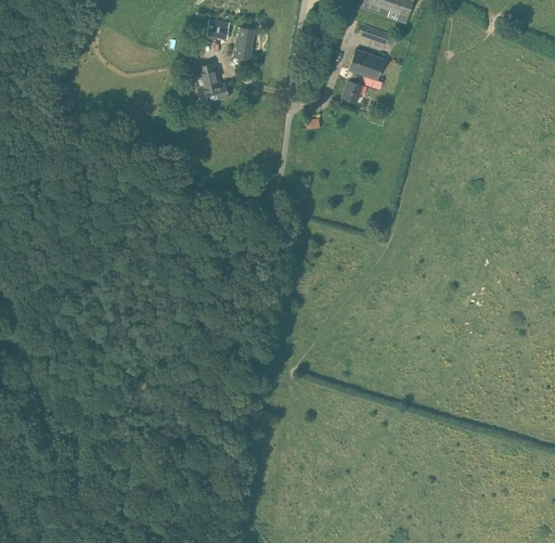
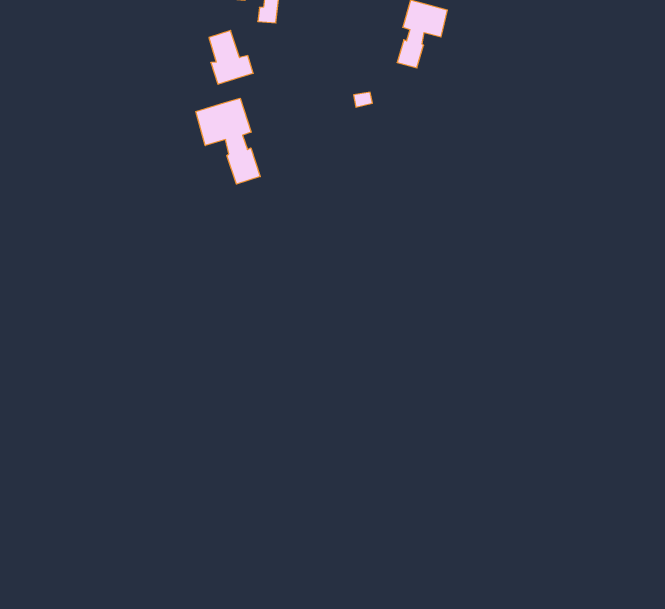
building: none -> [196,98,260,184]

